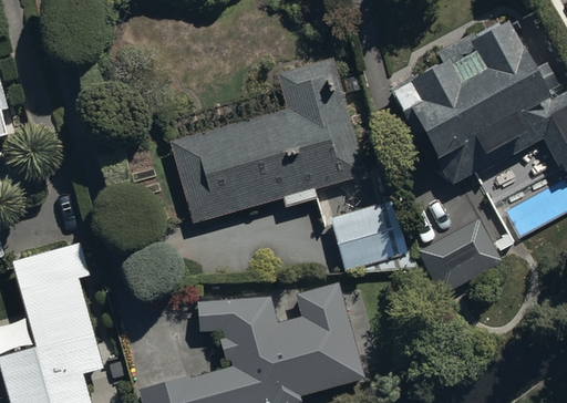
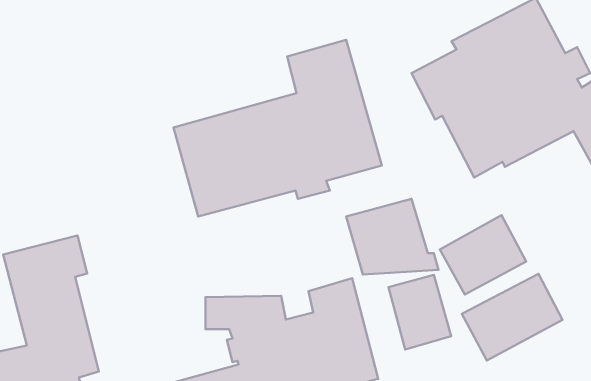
building: none -> [462,274,562,361]
building: none -> [388,275,451,349]

